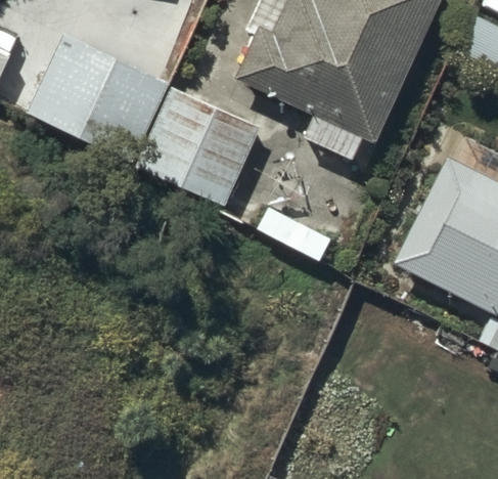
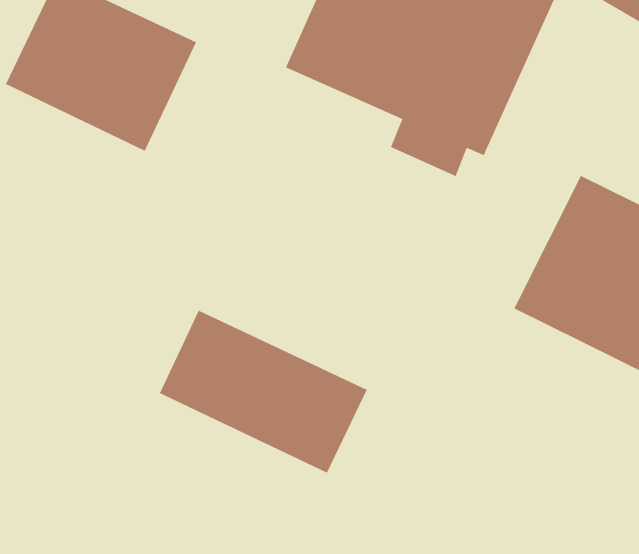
building: [134,85,301,211] -> none
building: none -> [159,310,367,473]

